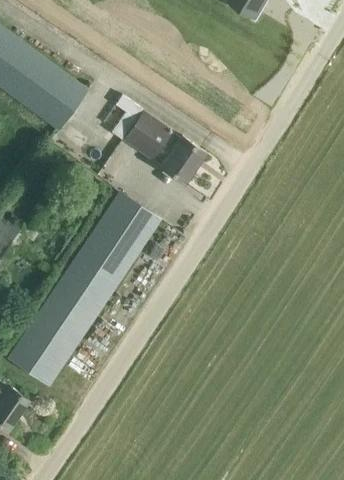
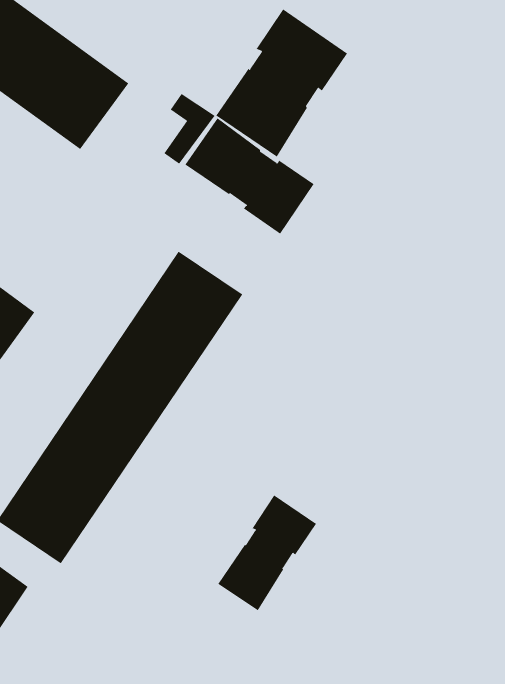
building: none -> [215,9,348,157]
building: none -> [217,495,317,611]

